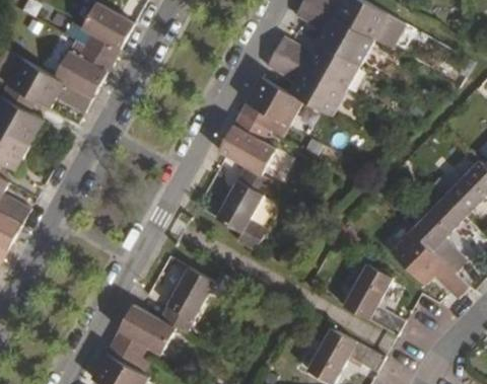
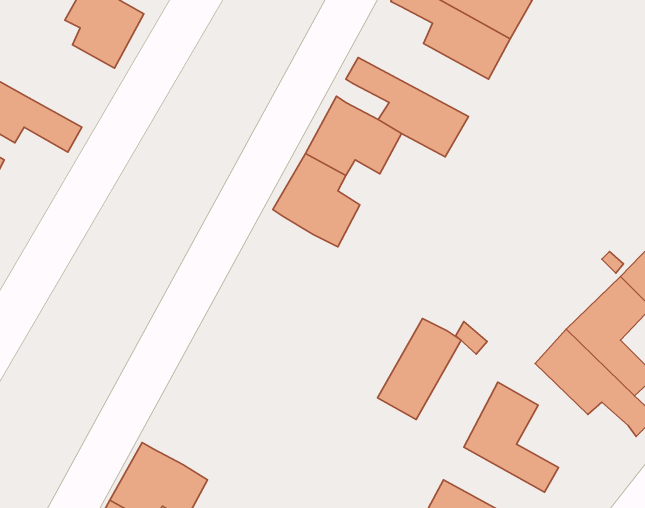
building: [274,36,359,90] -> none
building: [55,44,115,97] -> none
building: [215,167,270,233] -> [377,319,461,420]
building: [159,266,215,332] -> none

